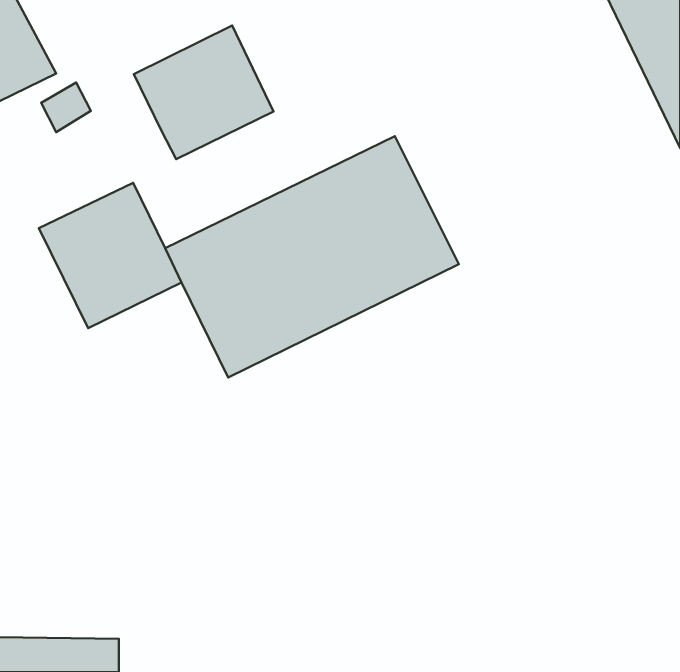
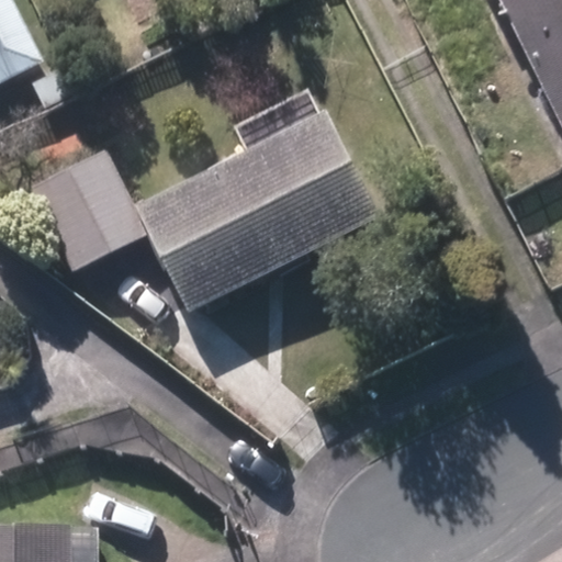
building: [134,26,273,159] -> none

